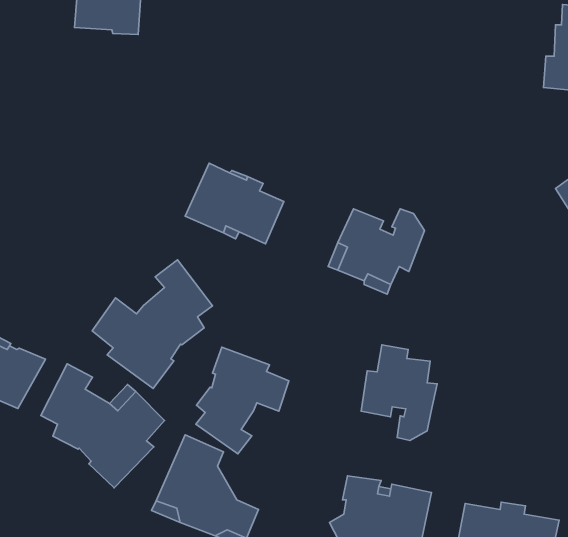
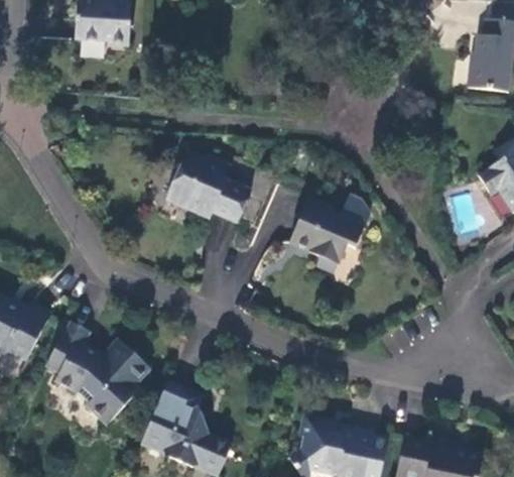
building: [92,260,212,388] -> none
building: [361,345,437,441] -> none
building: [196,347,289,454] -> none

